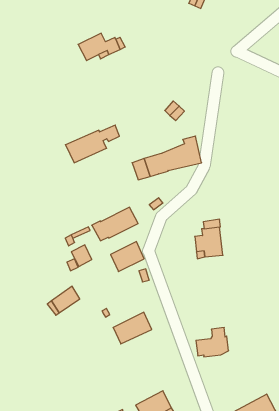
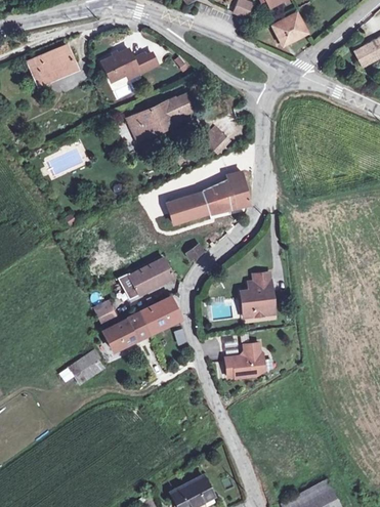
building: none -> [273,13,306,44]
building: none -> [28,46,75,83]
building: [65,125,119,163] -> [127,95,192,140]
building: [113,312,152,344] -> [103,312,150,350]
building: [196,328,229,357] -> [224,342,263,377]

